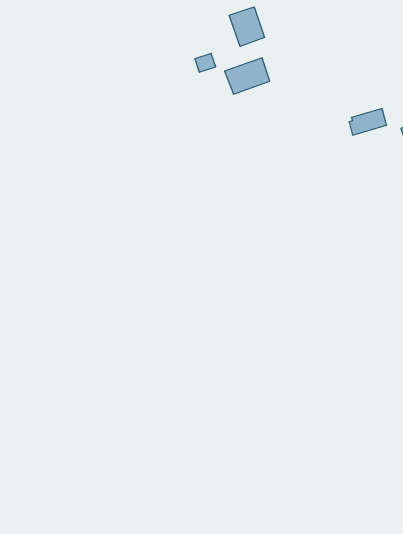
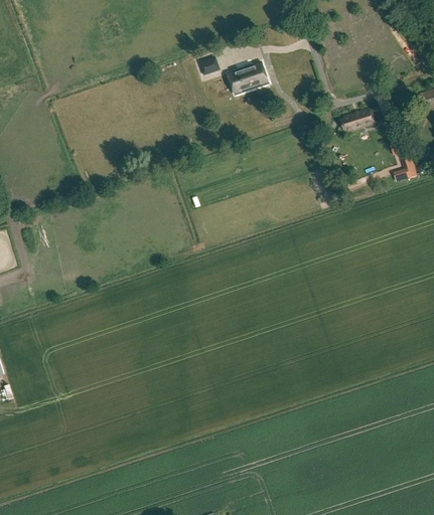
building: [229,7,264,46] -> none

